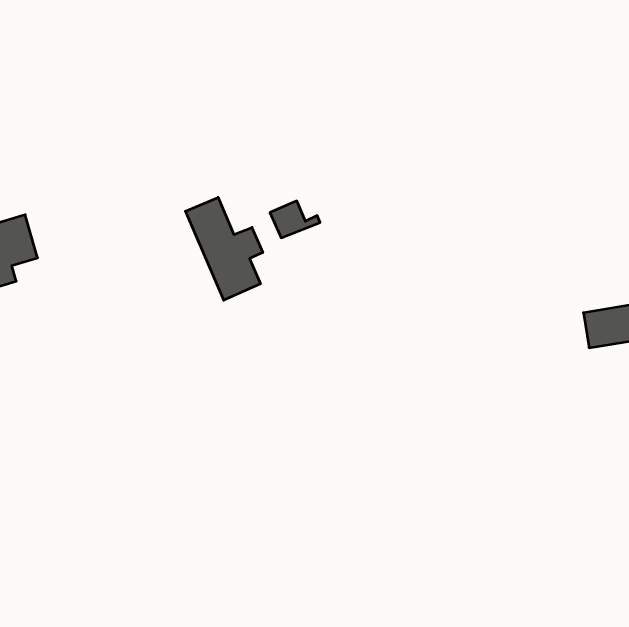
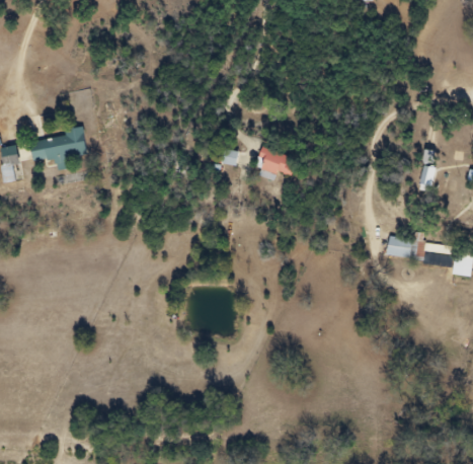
building: none -> [255,148,296,179]
building: [185,197,263,300] -> none

